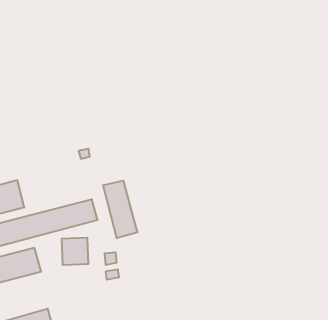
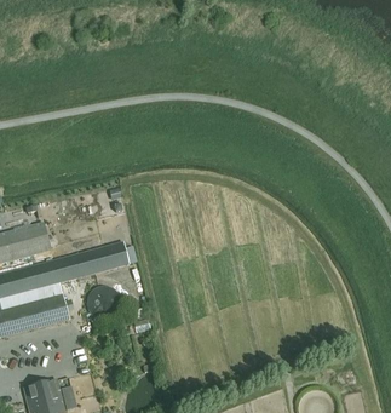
building: [103,181,137,238] -> none

